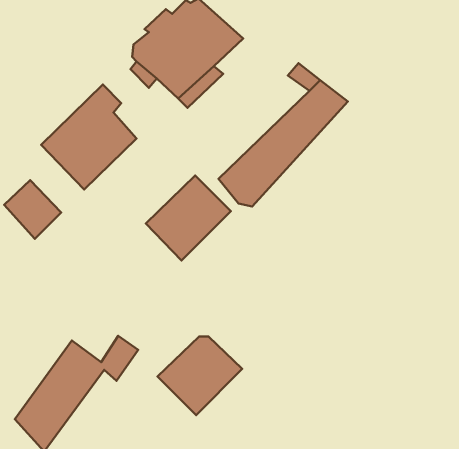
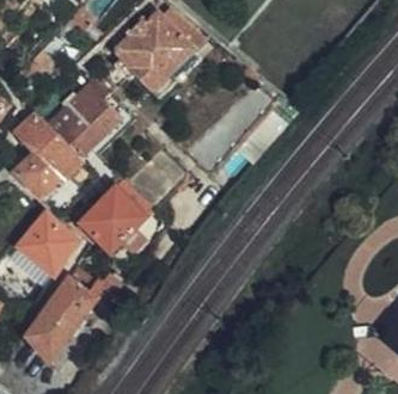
building: none -> [20,115,79,176]
building: none -> [19,216,72,271]
building: [157,337,242,415] -> [79,191,145,252]

